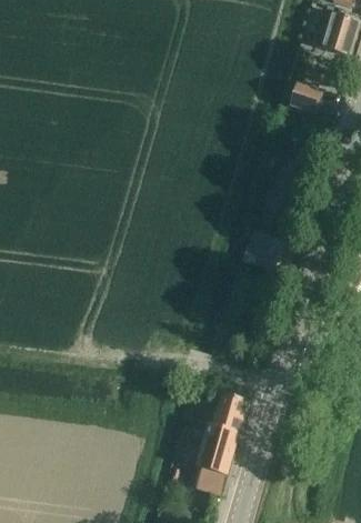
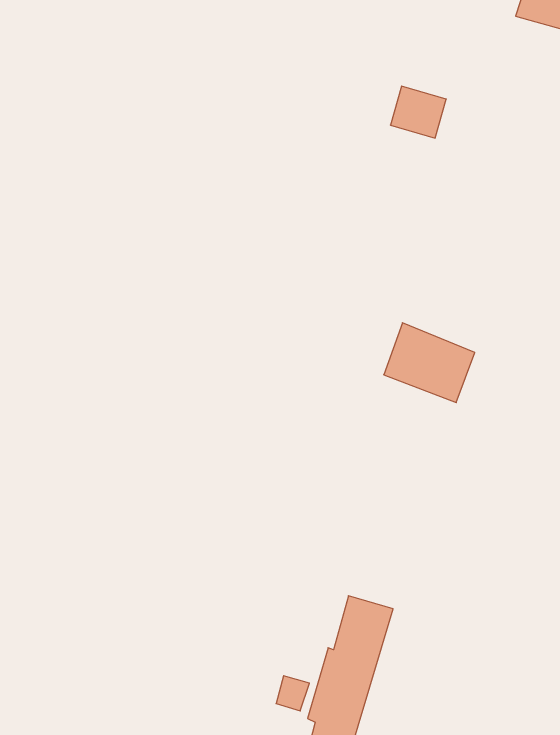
building: [292,82,325,113] -> [390,86,446,138]

